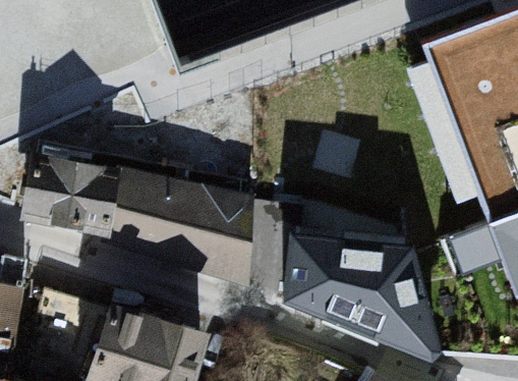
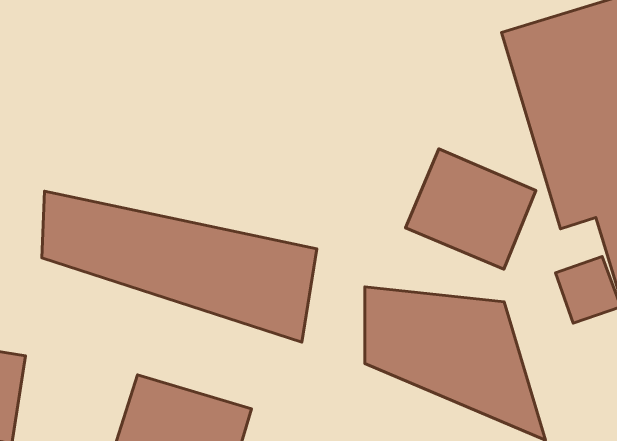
building: none -> [405,149,536,269]

